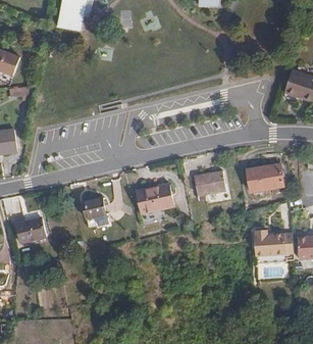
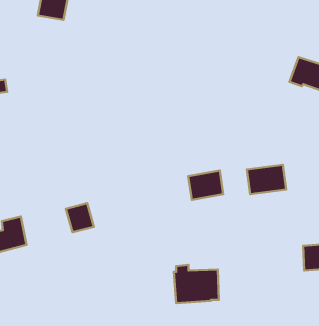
building: [137,181,172,210] -> none
building: [253,229,294,263] -> [174,265,219,303]

